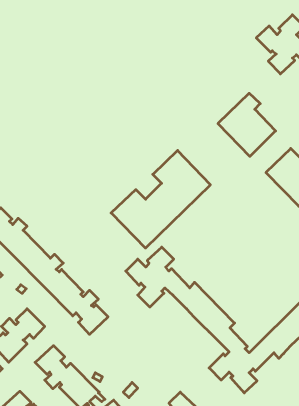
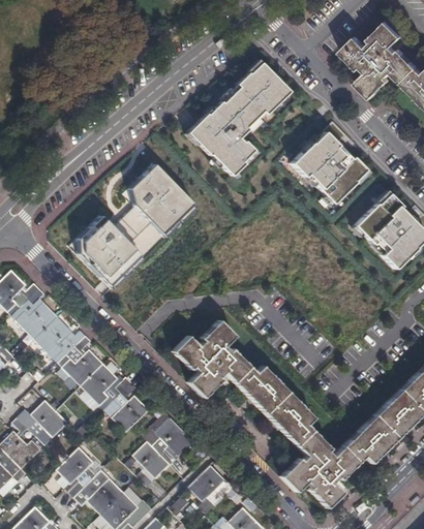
building: none -> [187,63,287,176]
building: [111,150,210,248] -> [67,164,195,290]
building: none -> [125,418,193,489]
building: none -> [187,466,234,511]

